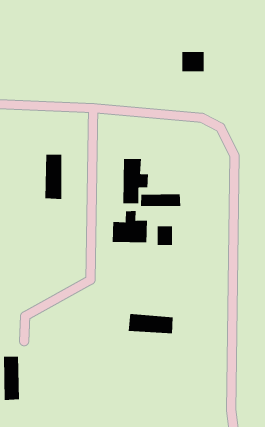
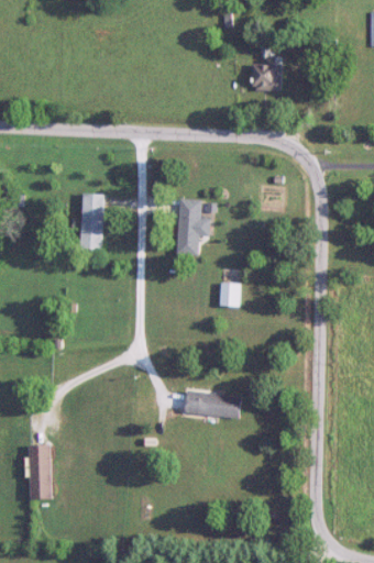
building: [141,194,181,207] -> none
building: [112,210,147,243] -> none

